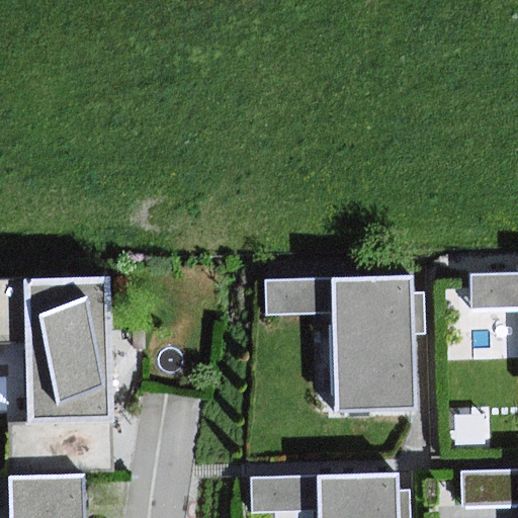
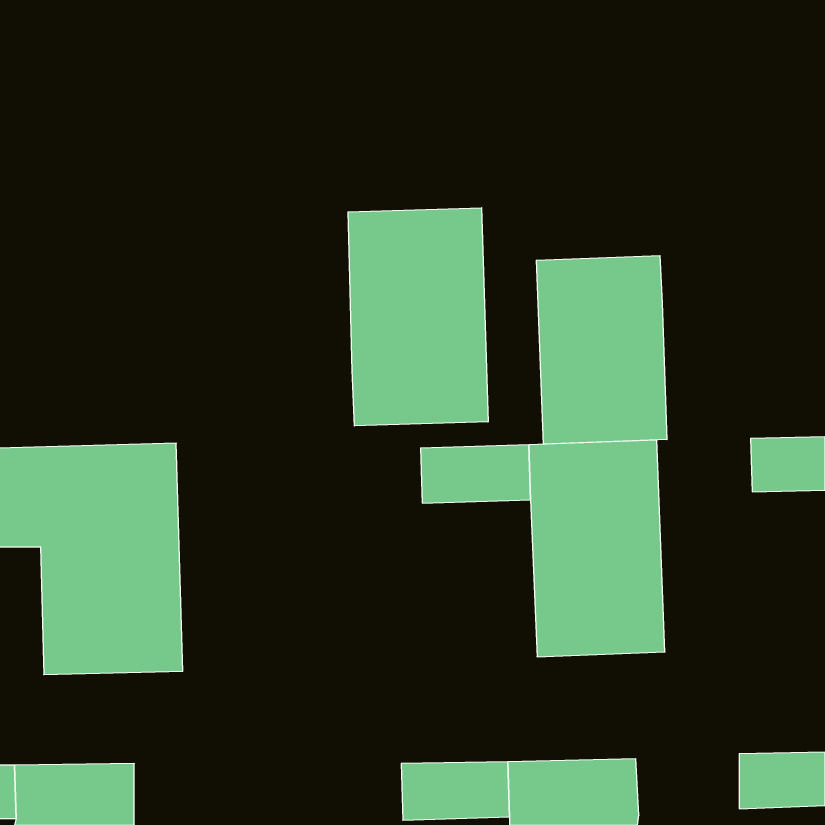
building: none -> [348,208,488,426]
building: none -> [536,256,667,444]

